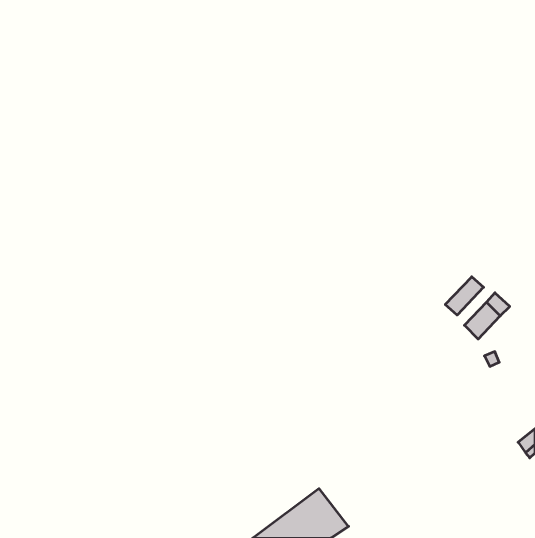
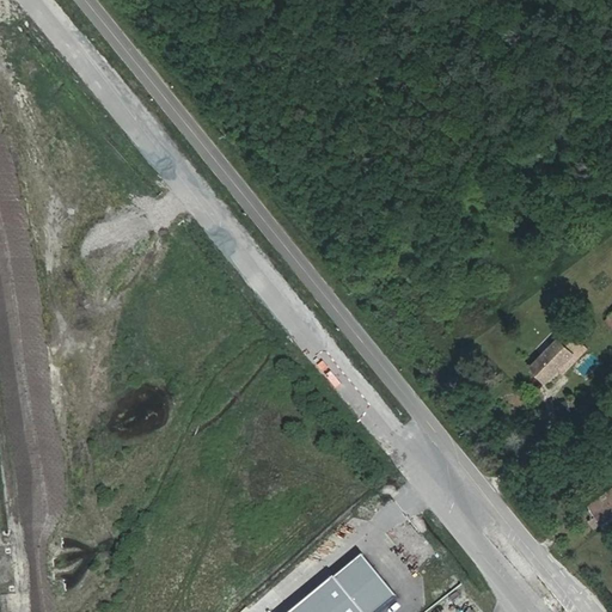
building: [445,277,484,315] -> none

